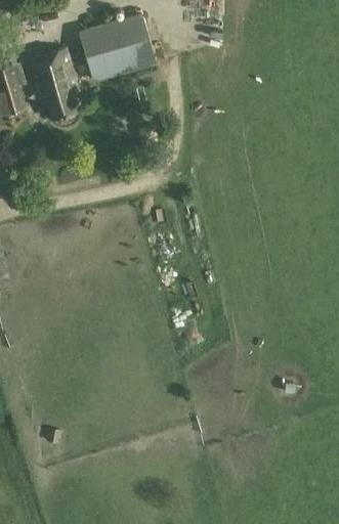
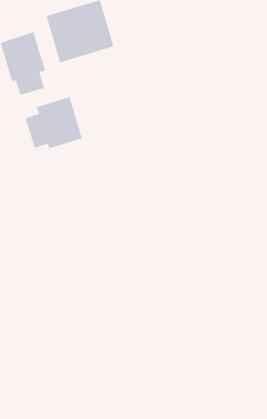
building: none -> [25,96,82,149]

